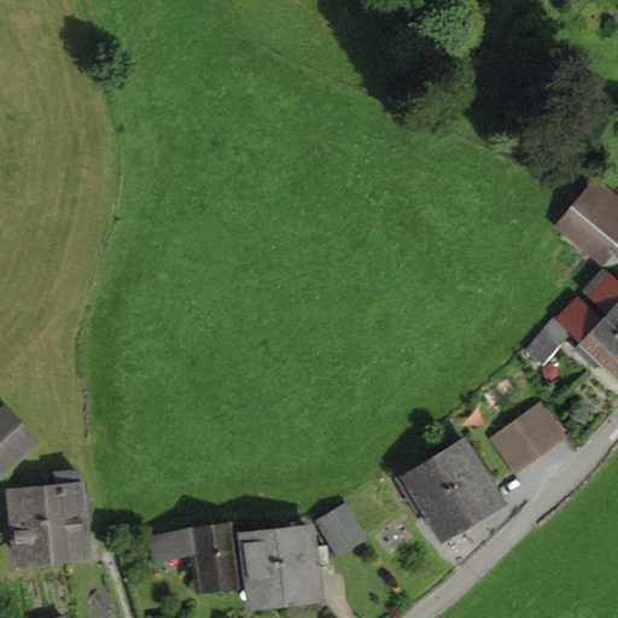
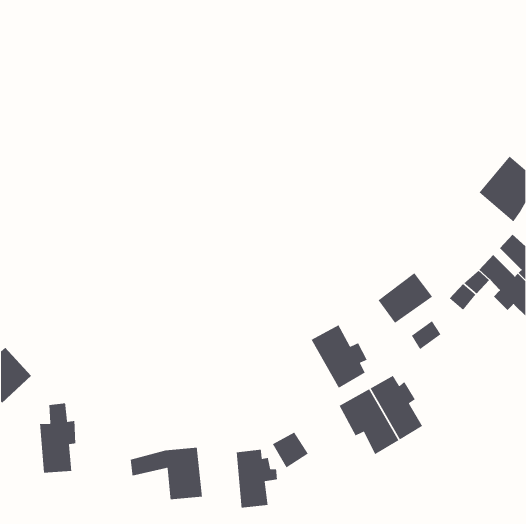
building: none -> [310,324,368,389]
building: [496,409,561,470] -> [377,272,433,324]
building: [7,491,51,560] -> none
building: [239,523,282,601] -> none

